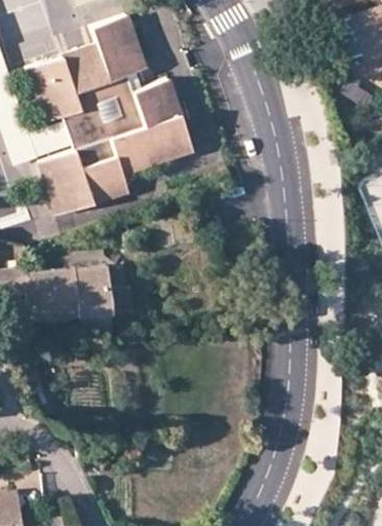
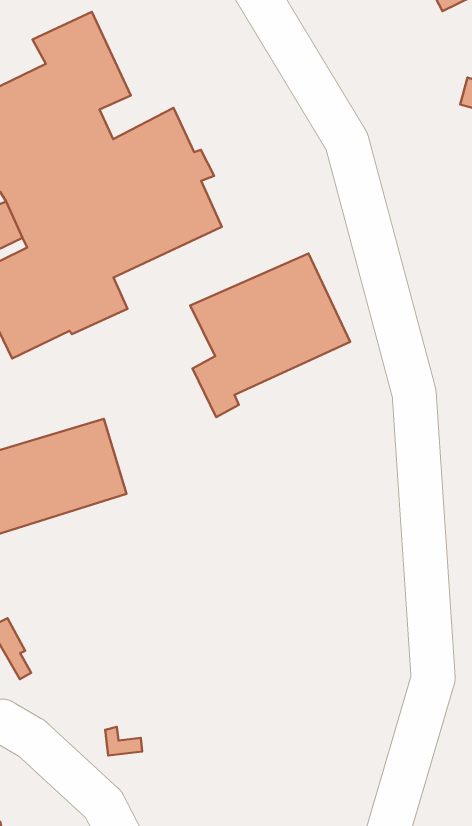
building: none -> [190,253,350,417]

